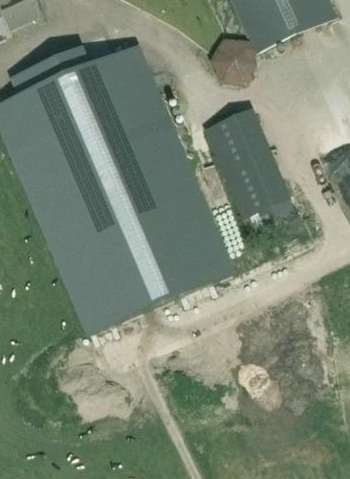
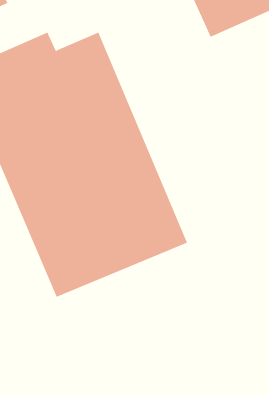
building: [209,37,260,84] -> none
building: [205,108,296,232] -> none

